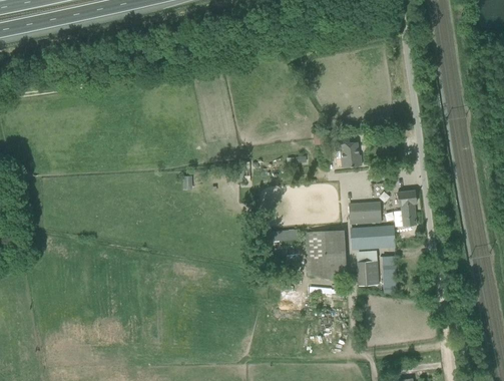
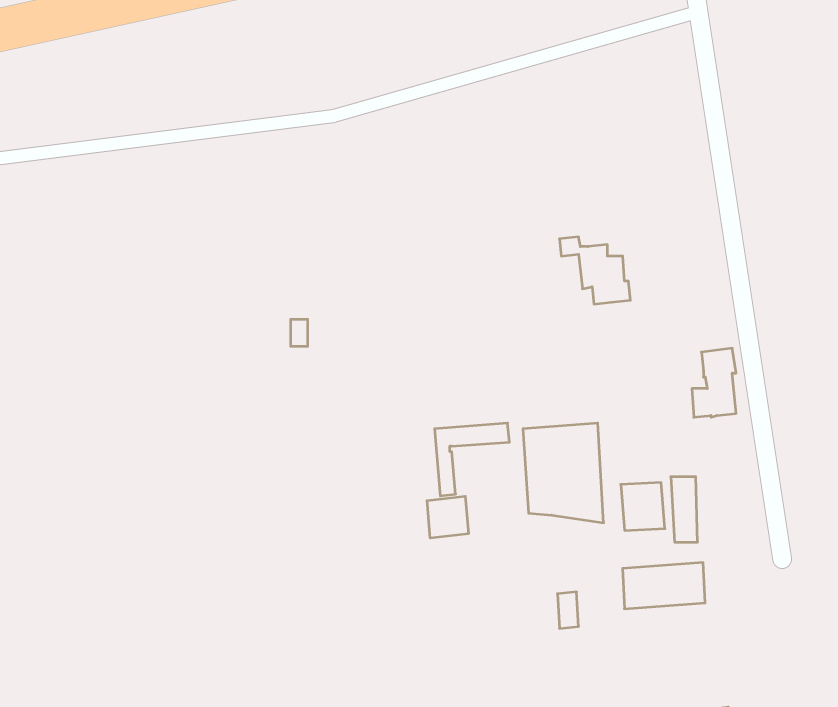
building: [349,203,373,221] -> none
building: [352,226,395,250] -> [623,563,705,609]
building: none -> [427,496,468,538]

